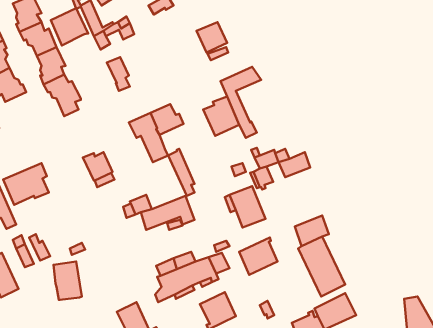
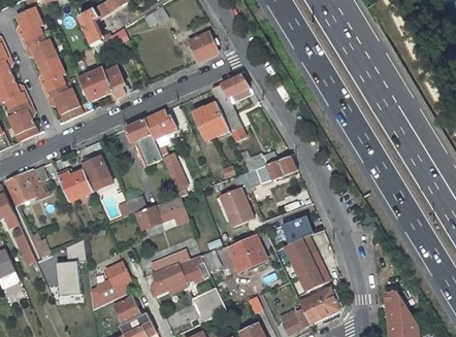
building: [51,8,88,45] -> [78,67,113,102]
building: none -> [8,99,38,142]
building: none -> [57,168,93,202]
building: none -> [90,261,131,309]

